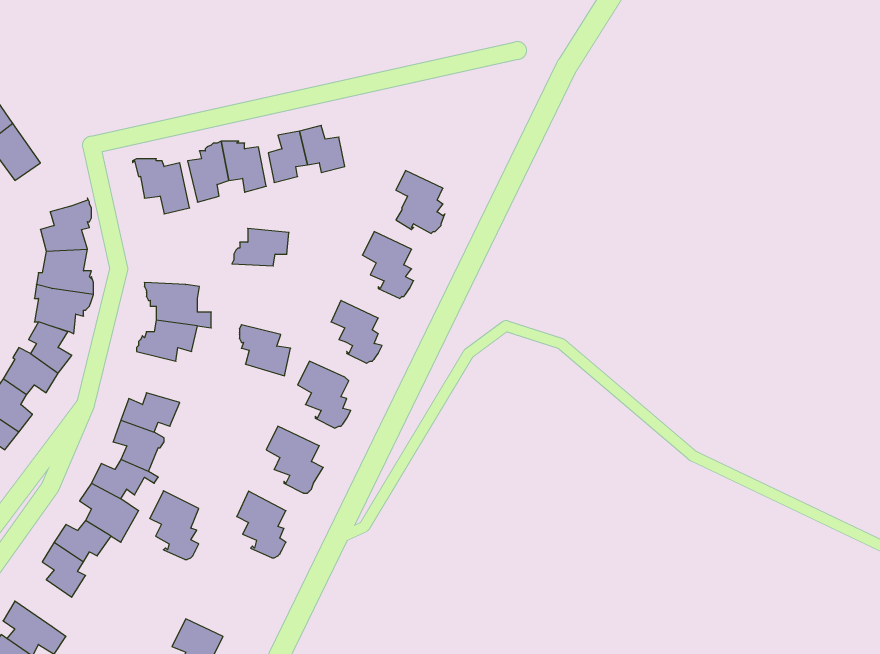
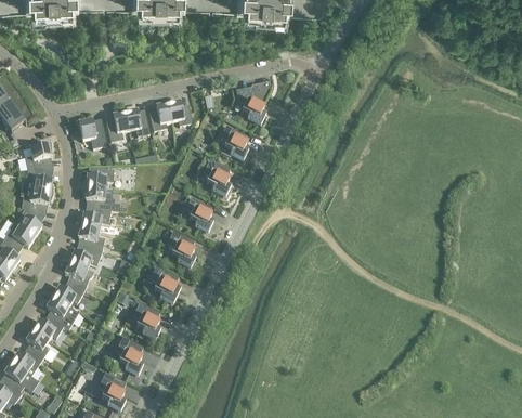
building: none -> [235,79,272,125]
building: [232,228,289,266] -> [81,169,113,190]
building: [239,325,291,376] -> [76,226,104,254]
building: [150,491,199,560] -> [115,338,142,376]
building: none -> [10,352,41,378]

